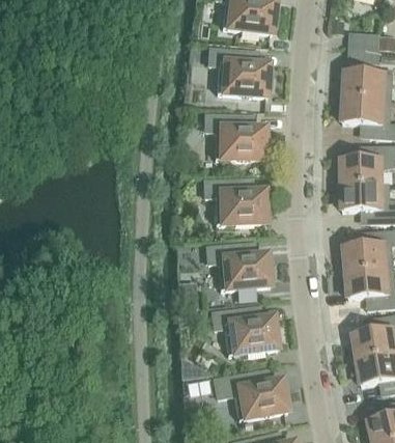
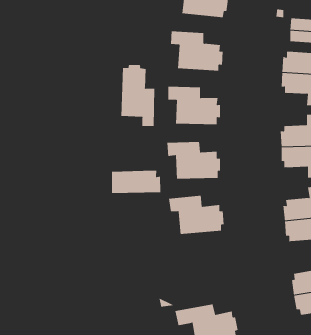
building: none -> [121,64,155,127]
building: none -> [112,170,161,194]
building: [213,307,280,355] -> none

